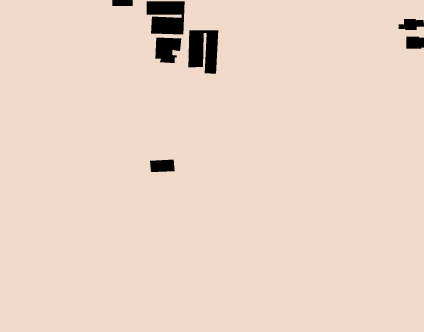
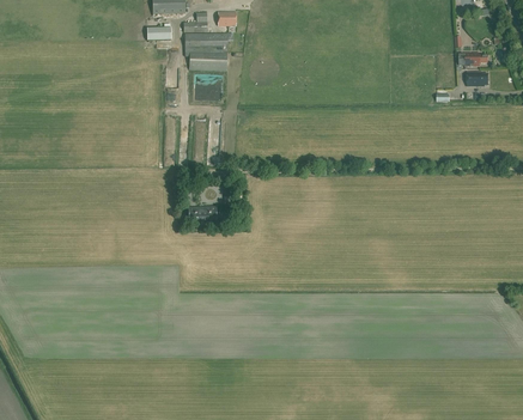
building: [188,29,219,75] -> none

